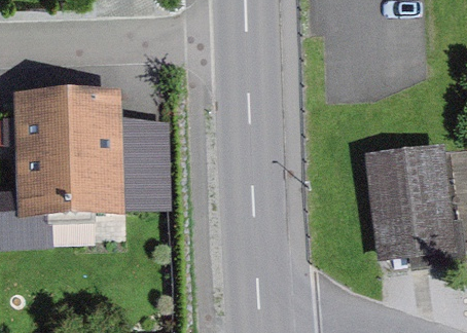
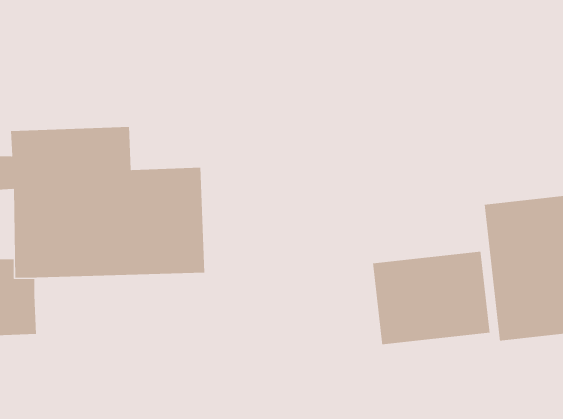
building: none -> [373,251,490,345]

